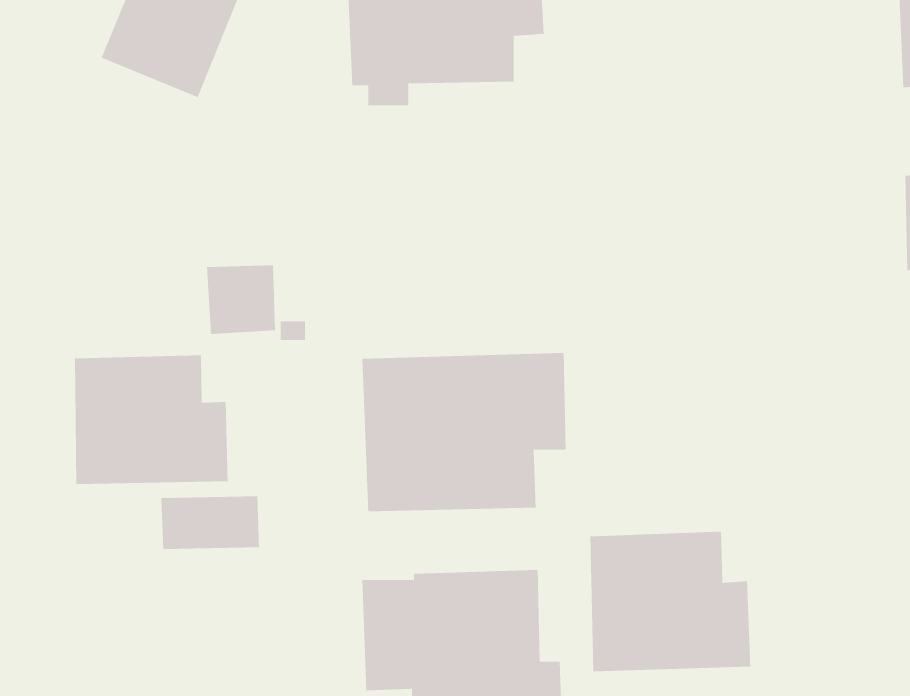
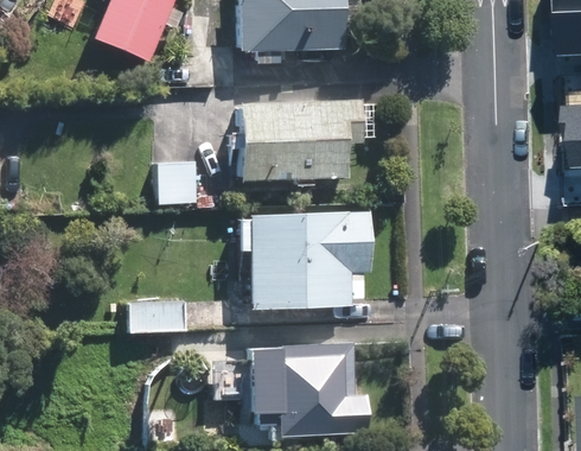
building: none -> [237,101,363,182]
building: [74,354,228,485] -> none
building: [590,531,751,672] -> none

